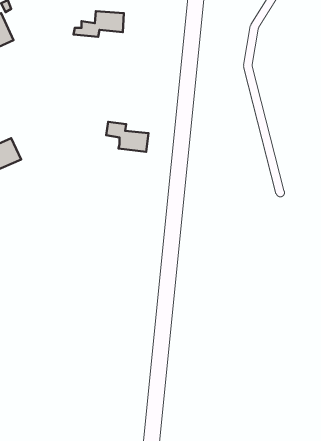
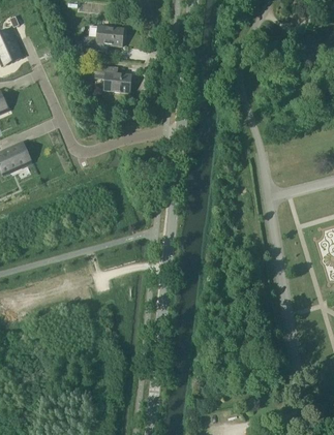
building: [106,122,148,152] -> [95,64,134,92]

